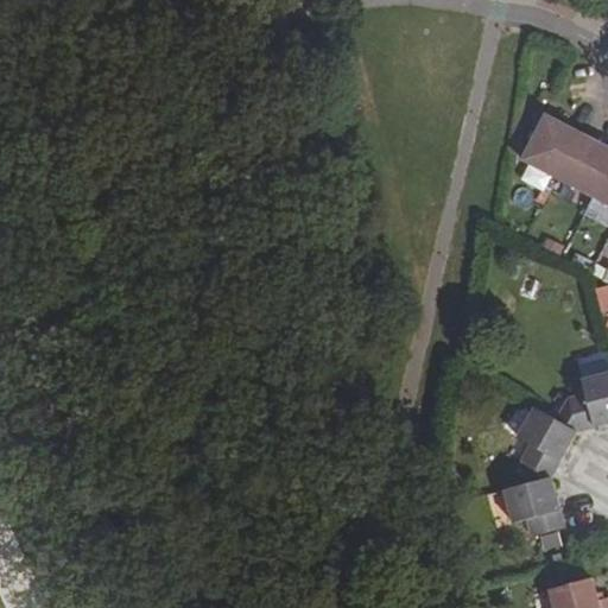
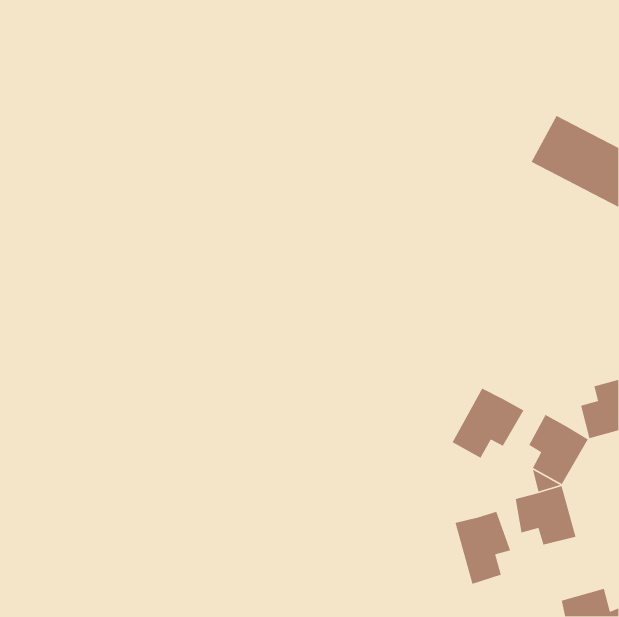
building: none -> [452,387,524,459]
building: none -> [455,511,511,585]

